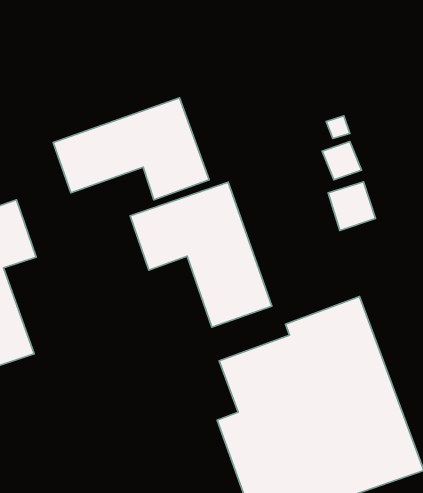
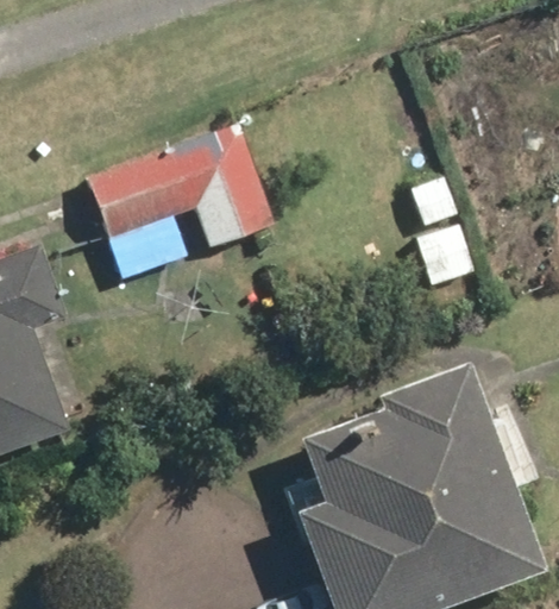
building: [130,182,272,327] -> none

